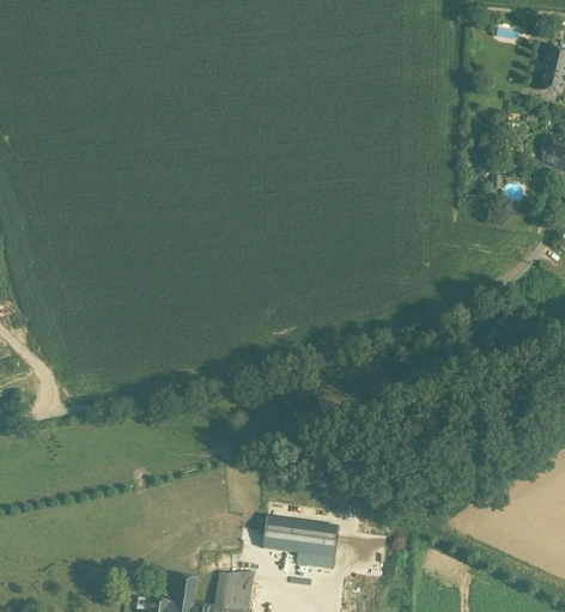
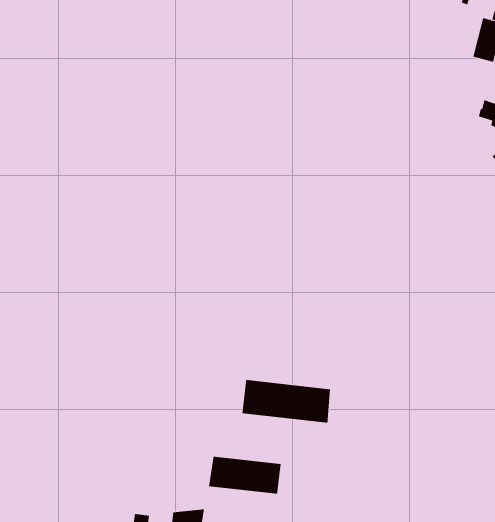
building: none -> [242,379,330,424]

